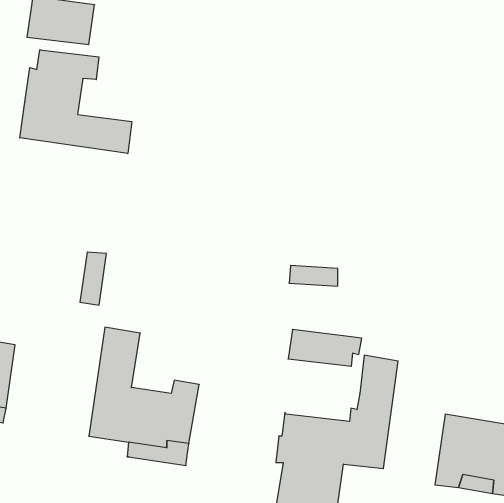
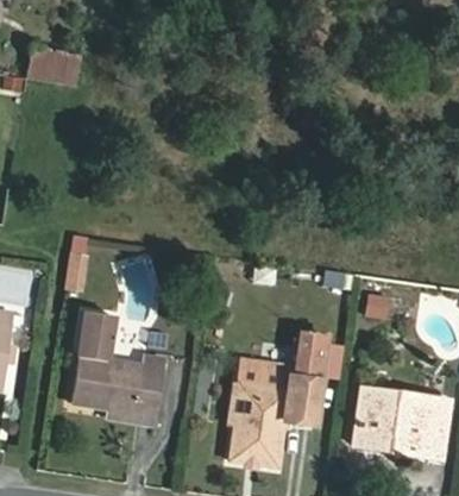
building: [20,50,132,154] -> none
building: [288,329,362,366] -> [234,359,294,389]

